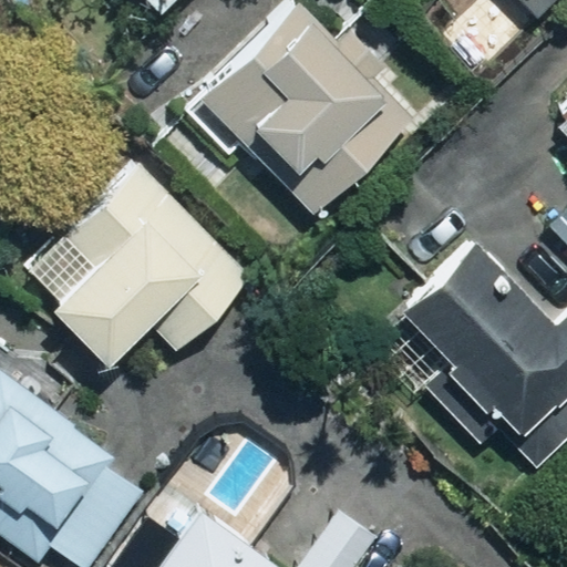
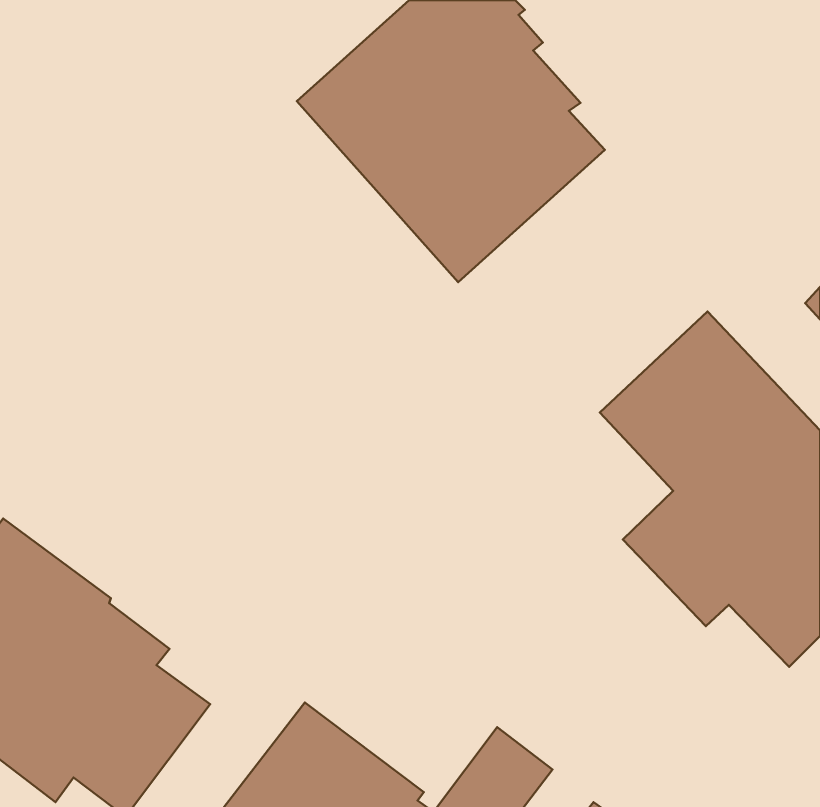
building: [58,166,248,354] -> none

